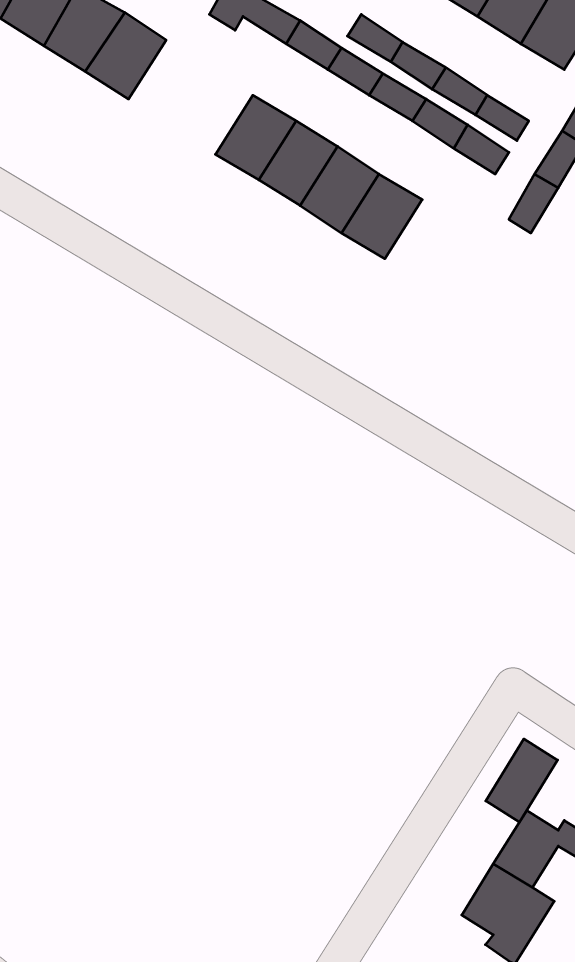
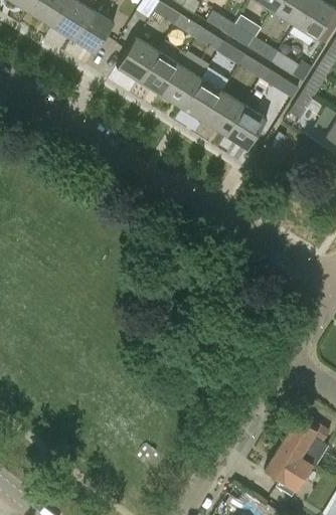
building: none -> [118,38,159,82]
building: none -> [226,106,268,150]
building: [486,739,558,822] -> none

